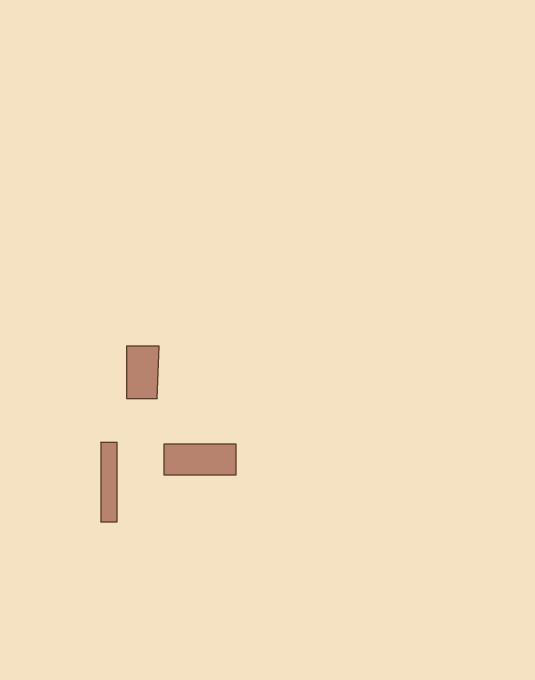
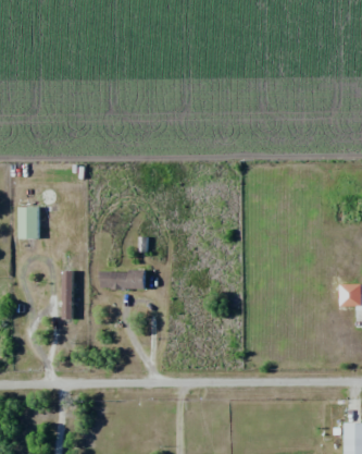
building: [127,346,159,398] -> [18,206,38,237]

